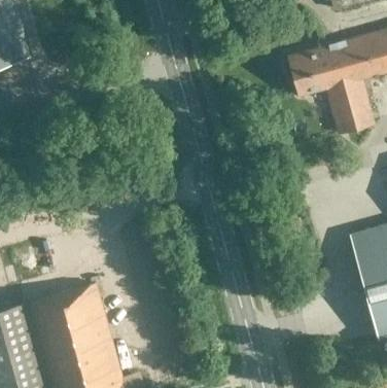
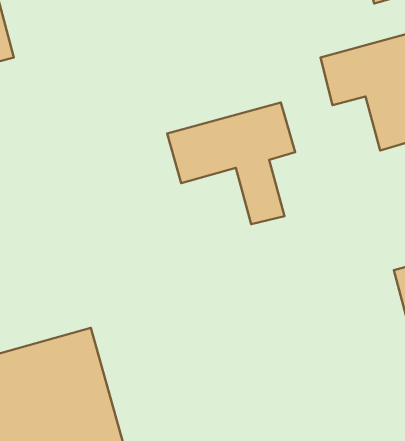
building: none -> [167,103,295,224]

